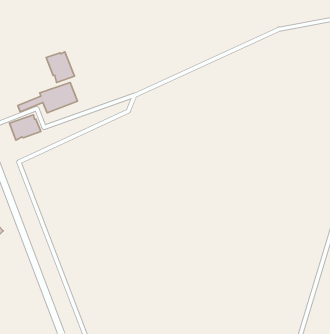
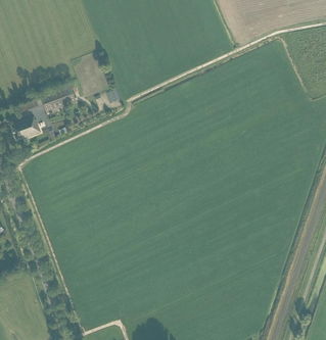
building: [46,52,74,83] -> none

